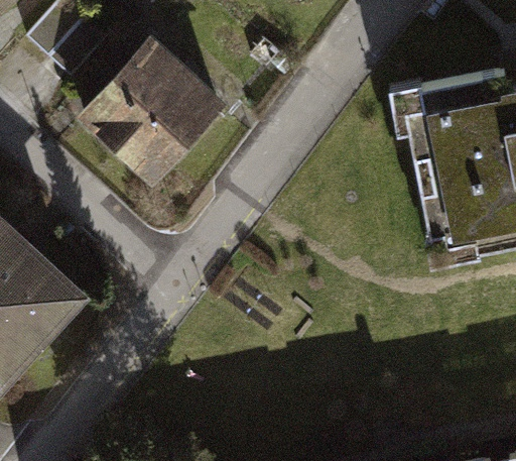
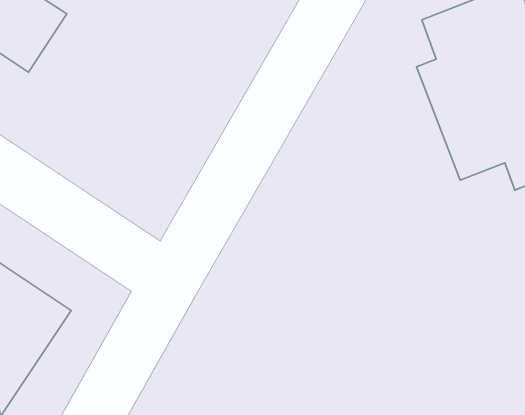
building: [86,39,222,176] -> none

